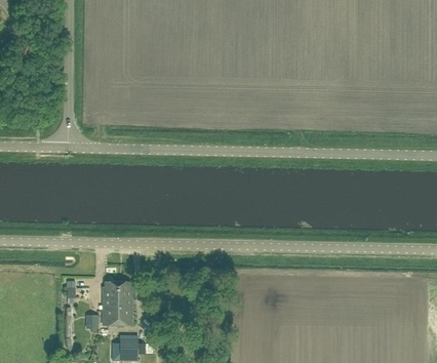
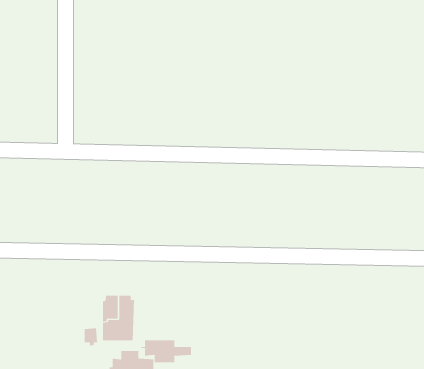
building: none -> [141,339,192,363]

